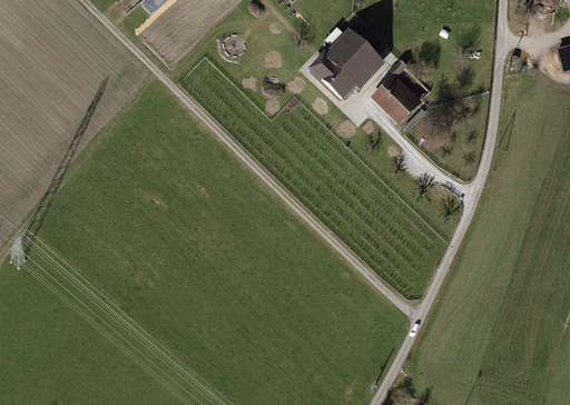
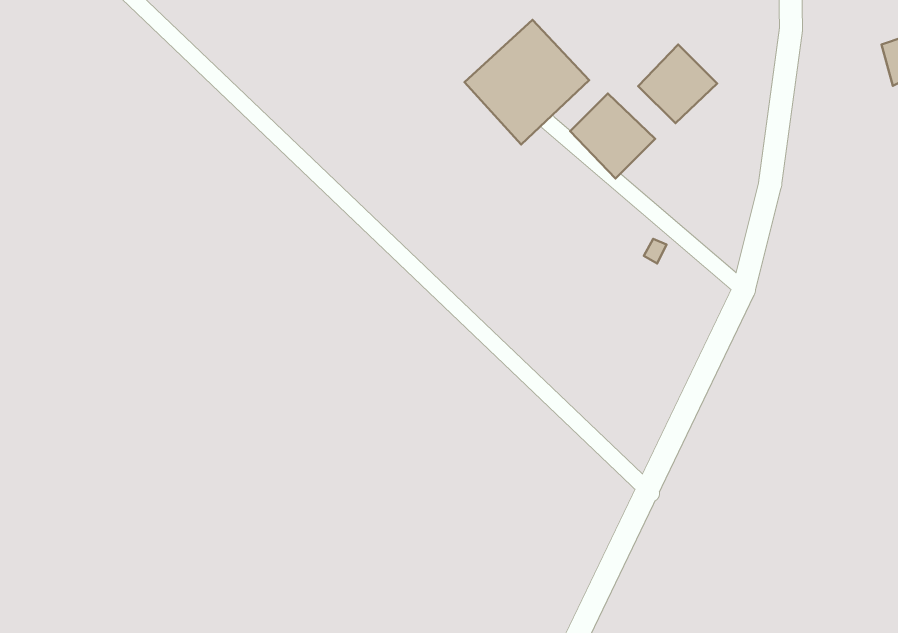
building: none -> [638,44,717,123]

